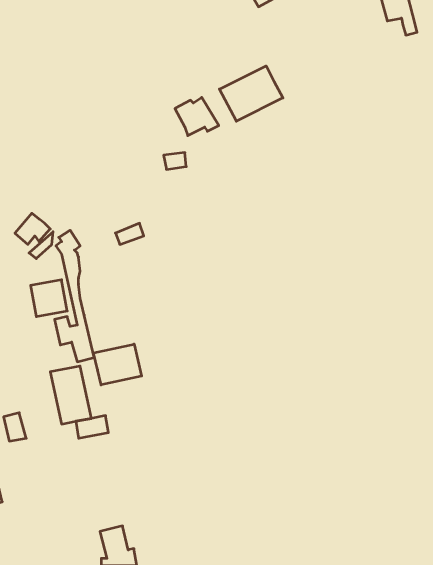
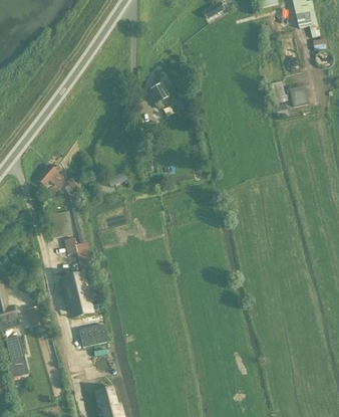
building: [219,66,283,121] -> none
building: [94,344,142,385] -> none
building: none -> [77,323,105,346]

